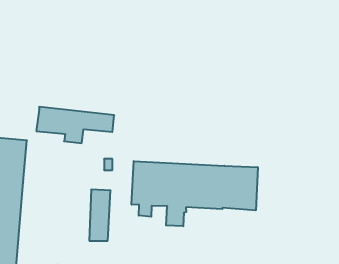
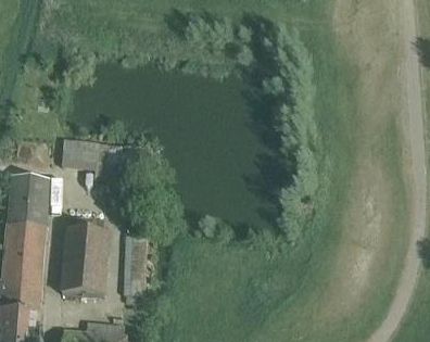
building: [132,161,258,226] -> none
building: none -> [61,215,107,294]

